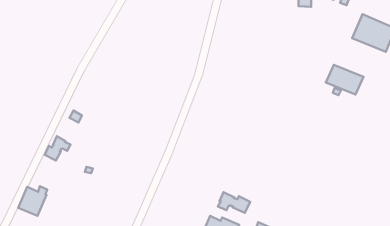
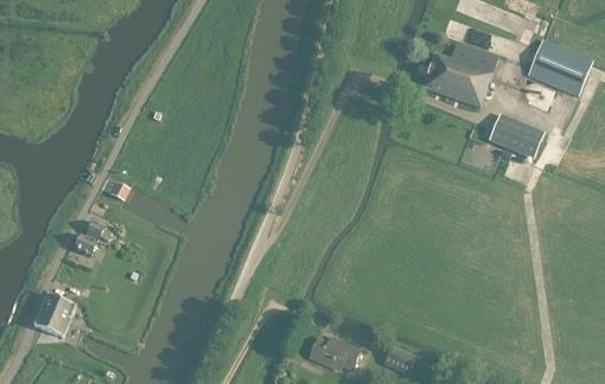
building: none -> [421,39,497,105]
building: [218,192,250,213] -> none

